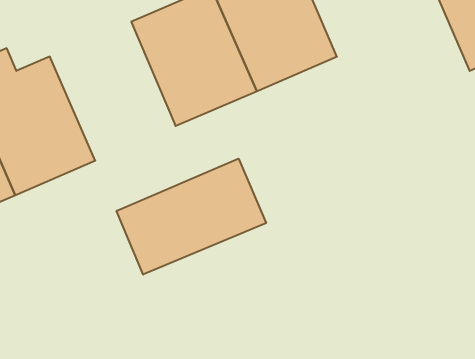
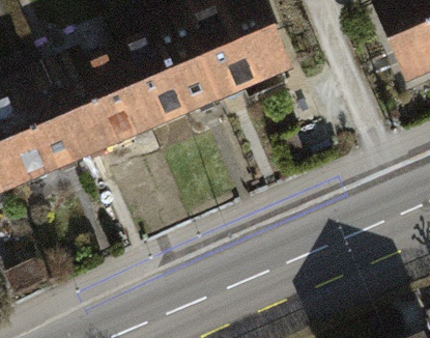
building: none -> [47,39,155,160]
building: [117,159,266,275] -> none

